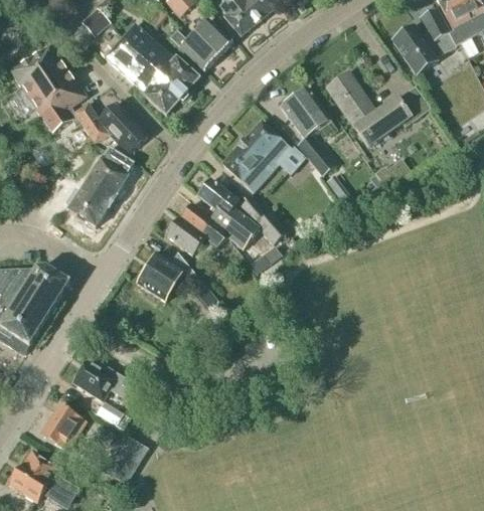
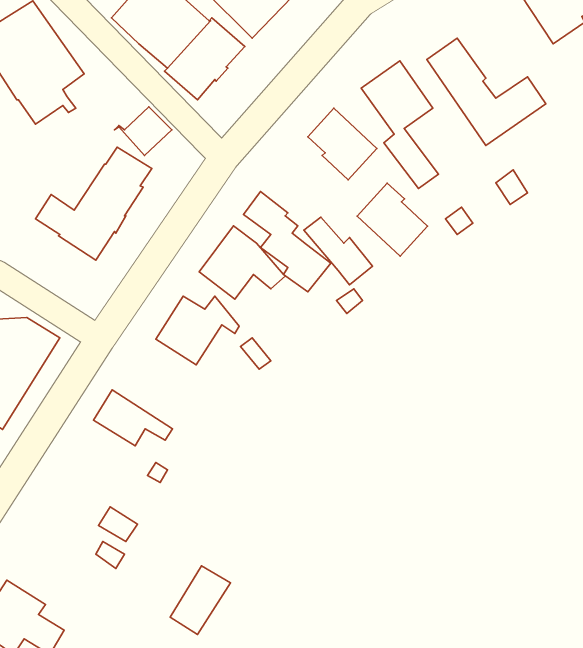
building: [73,102,131,141] -> none
building: [221,140,271,191] -> [357,183,427,256]
building: [72,360,128,399] -> [94,390,172,446]
building: [39,403,86,450] -> none
building: [106,436,148,484] -> [170,566,230,635]

